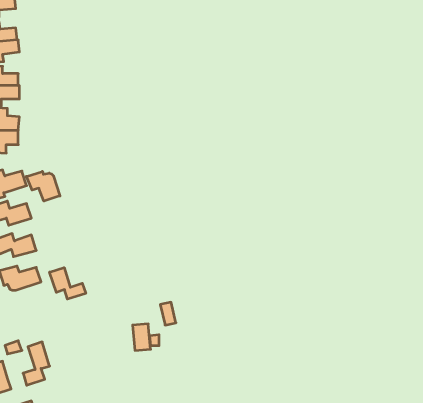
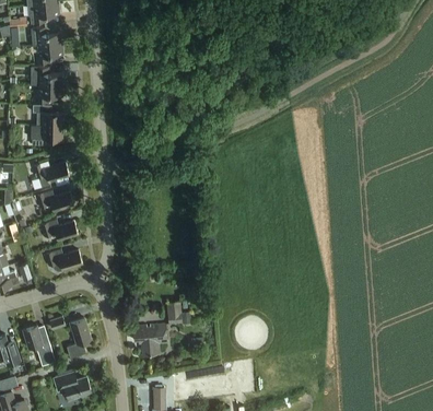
building: [26,171,60,201] -> none
building: [50,268,86,299] -> none
building: none -> [132,324,166,354]

